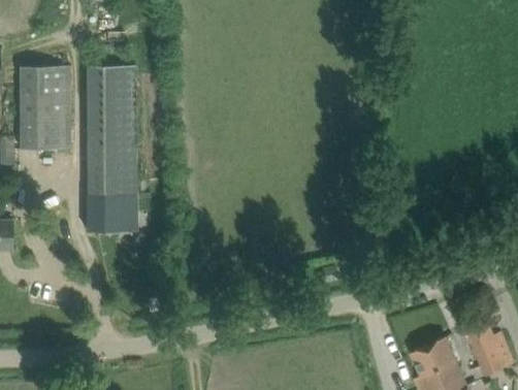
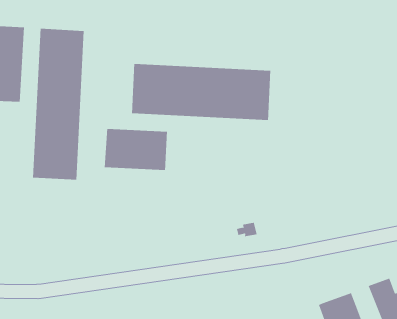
building: none -> [132,63,271,121]
building: none -> [104,128,167,171]

